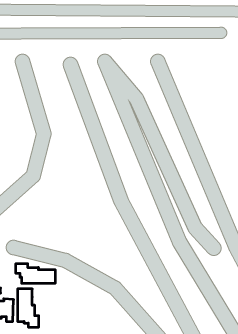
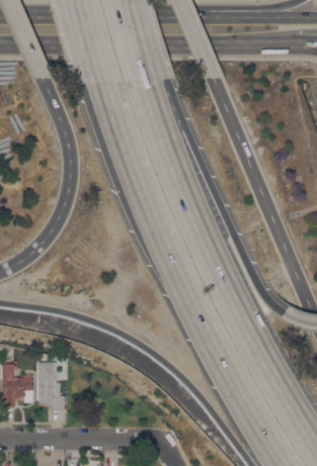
building: [16,264,55,283] -> none

